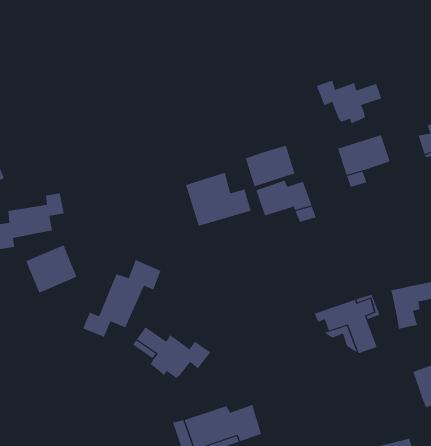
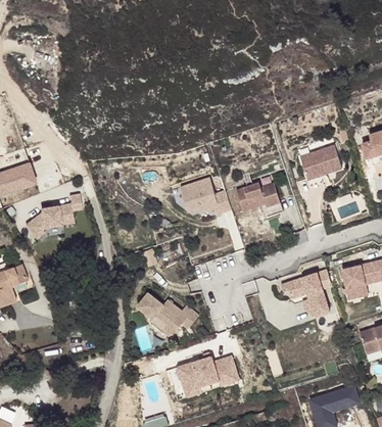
building: [316,80,382,124] -> none
building: [245,145,295,187] -> none
building: [26,245,77,294] -> none
building: [83,259,161,338] -> none

